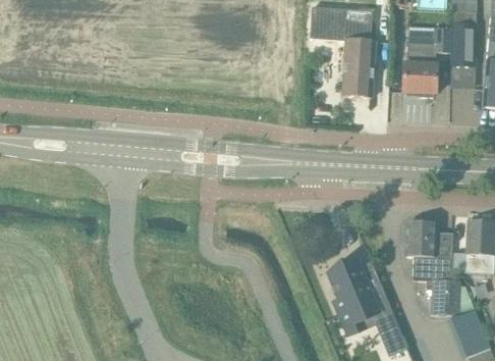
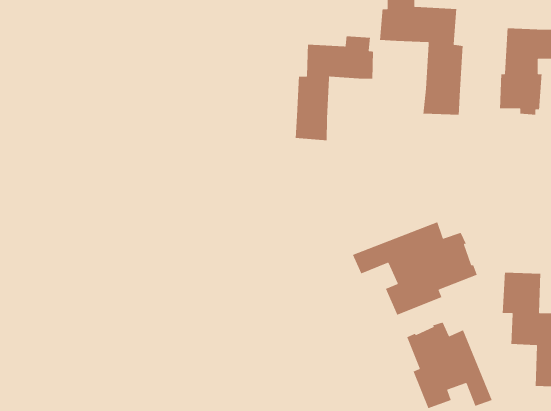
building: none -> [295,36,374,141]
building: none -> [352,221,478,316]

